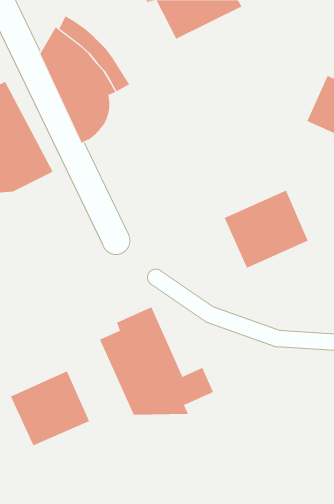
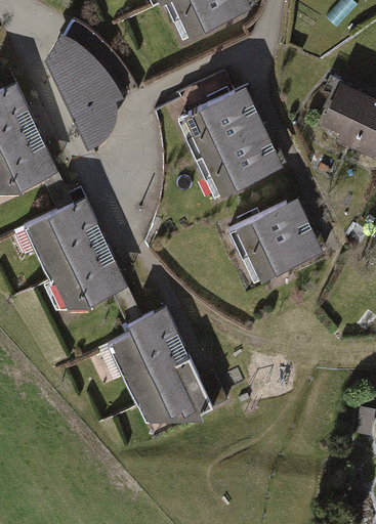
building: none -> [183,81,285,191]
building: none -> [20,200,127,312]
building: [10,370,90,446] -> none

